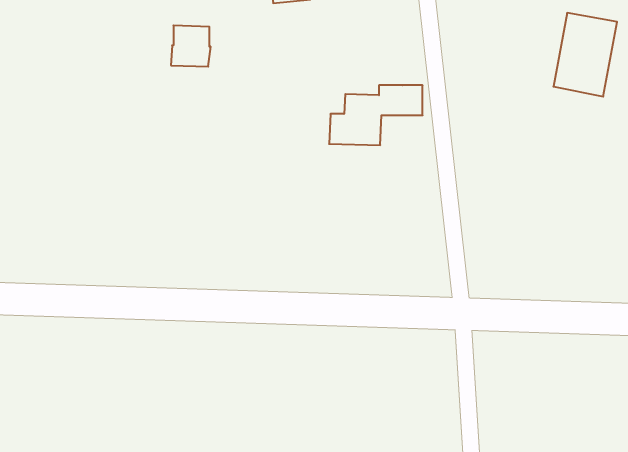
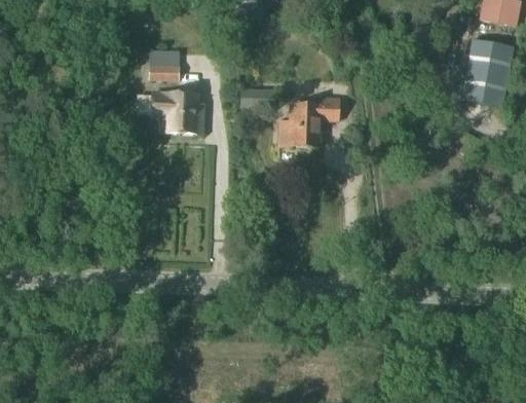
building: none -> [239,88,273,106]
building: none -> [149,91,201,134]

